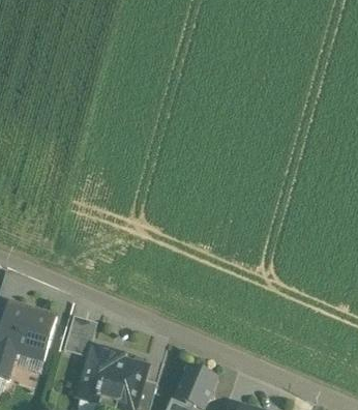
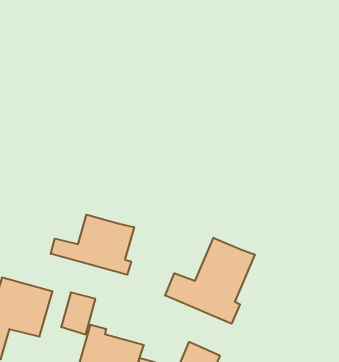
building: none -> [51,215,134,275]
building: none -> [165,238,255,324]

